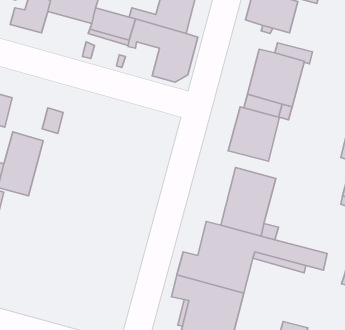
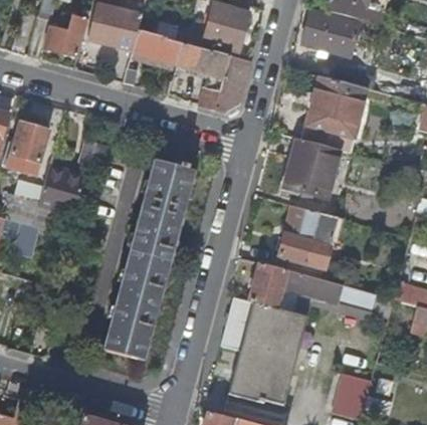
building: none -> [103,159,195,359]

